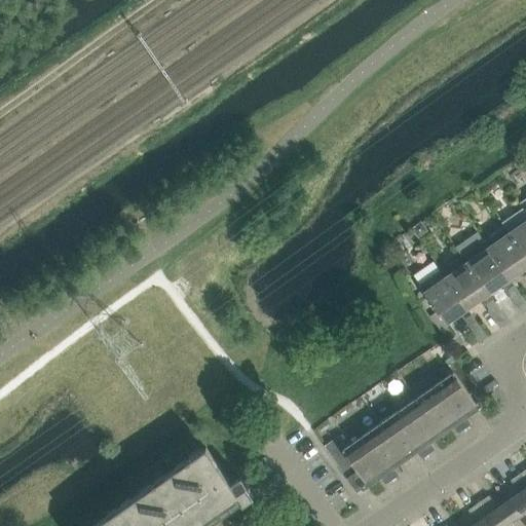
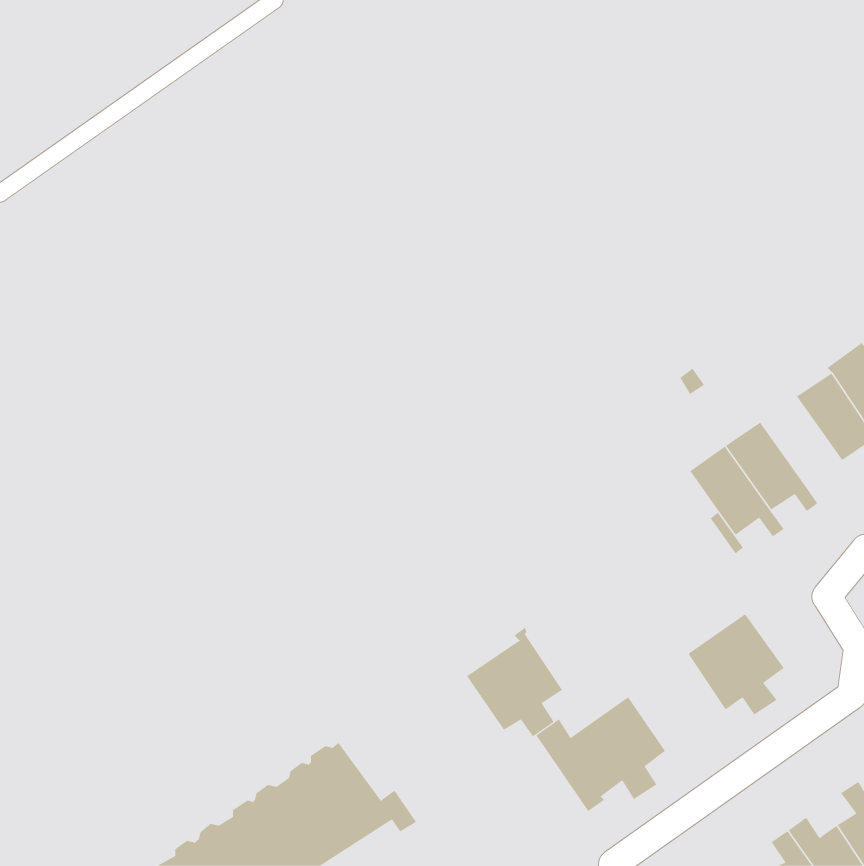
building: [457,233,519,296] -> none
building: [382,392,441,459] -> [466,627,563,737]

